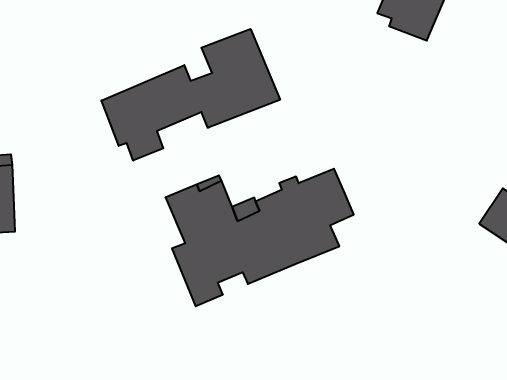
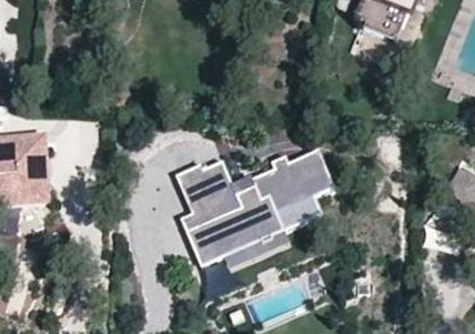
building: [101,29,280,161] -> none
building: none -> [220,230,291,267]

